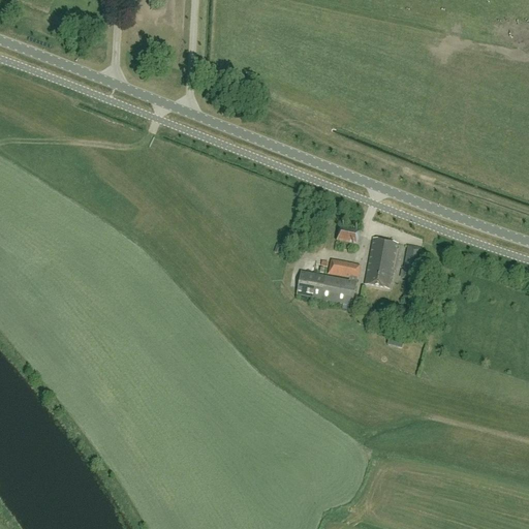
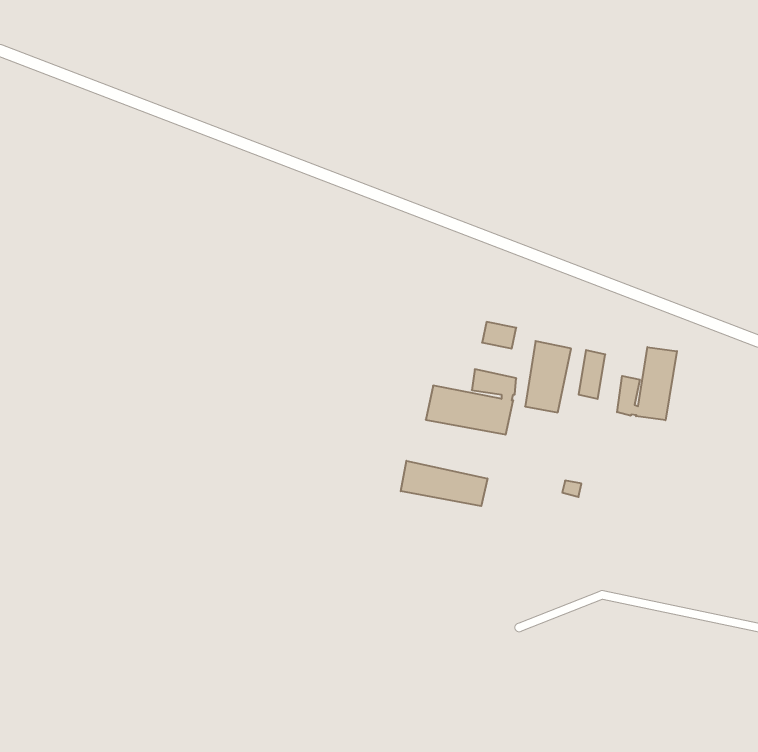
building: none -> [617,347,677,420]
building: none -> [401,461,487,506]

